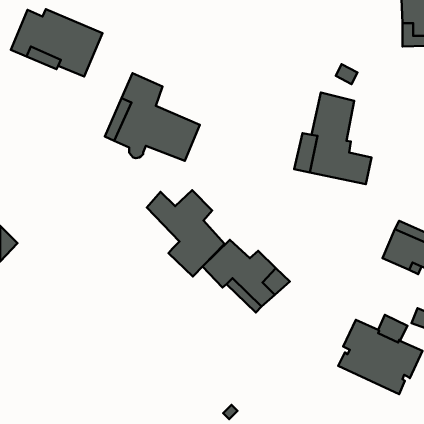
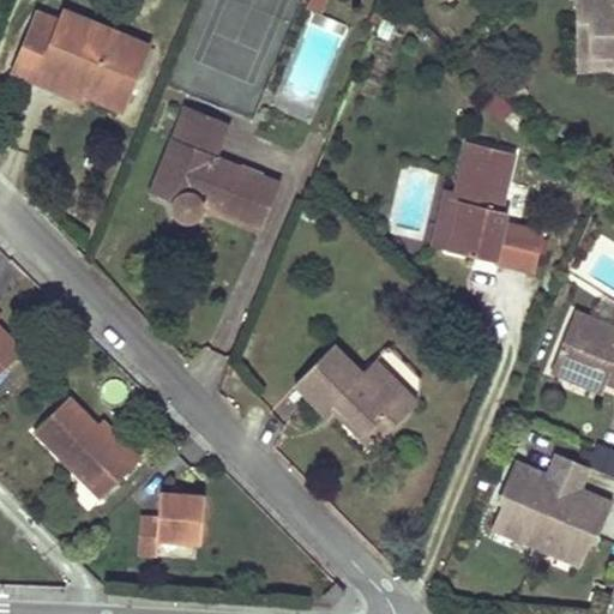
building: [147,190,225,276] -> none
building: none -> [30,392,134,496]
building: none -> [133,499,200,560]

